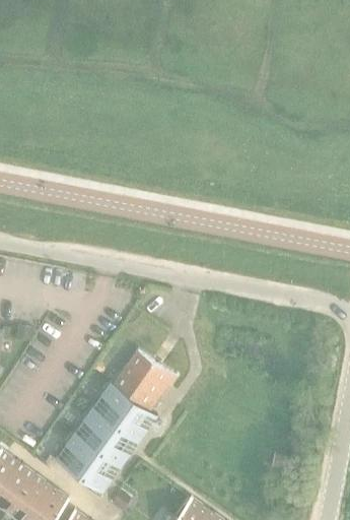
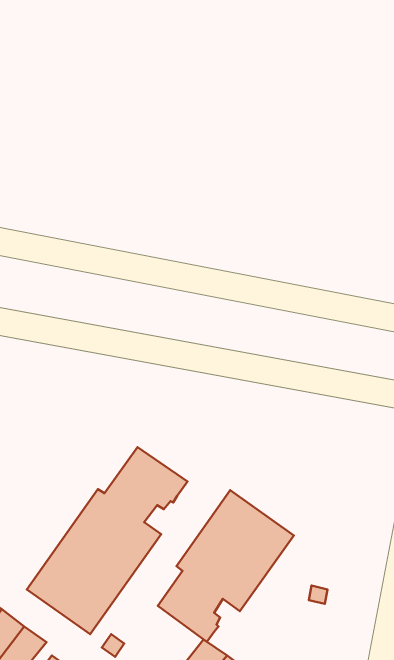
building: none -> [158,490,294,642]

